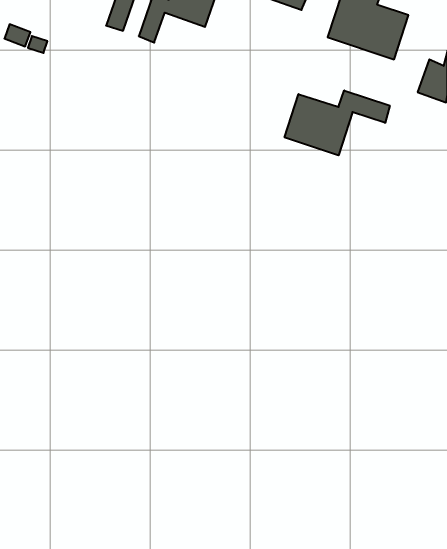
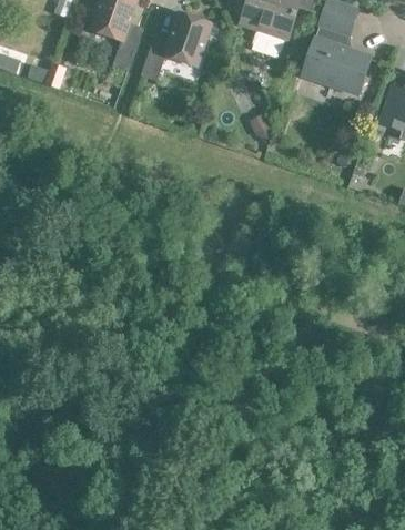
building: [285,90,390,155] -> none

